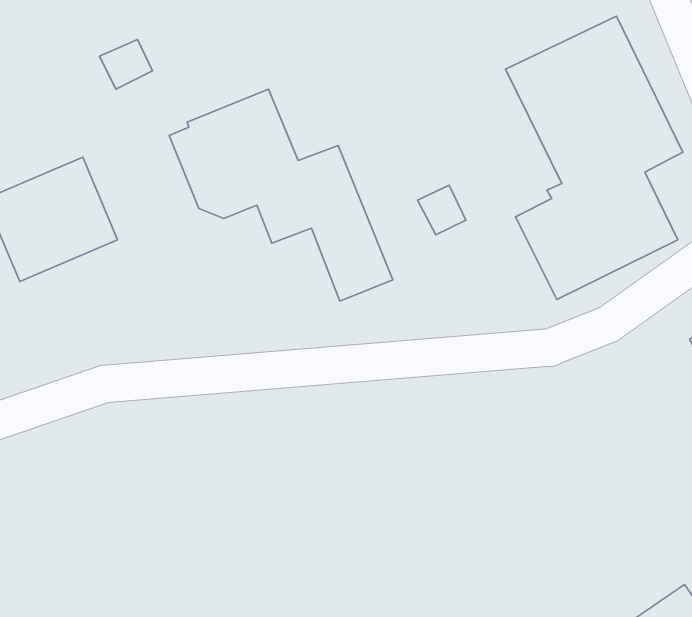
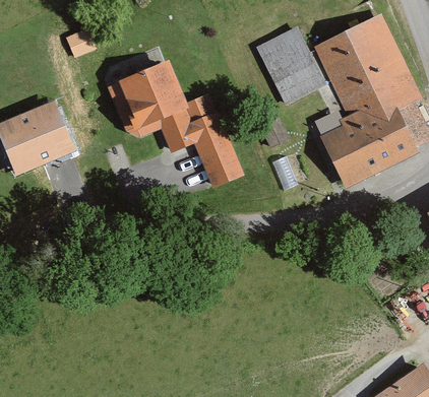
building: none -> [256,26,327,106]

